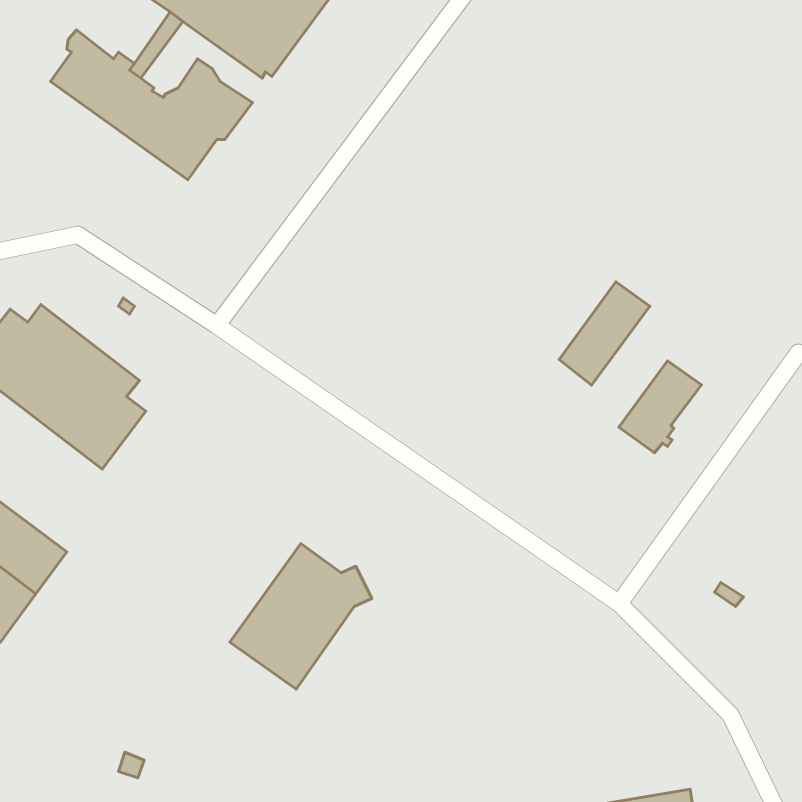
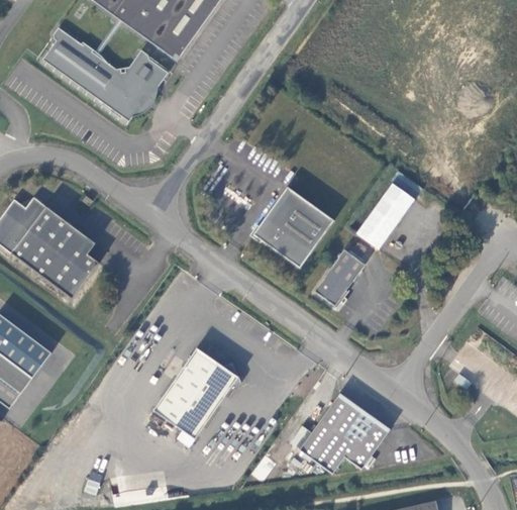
building: none -> [253,185,334,266]
building: [619,361,701,453] -> [314,247,366,305]
building: none -> [301,392,390,472]

